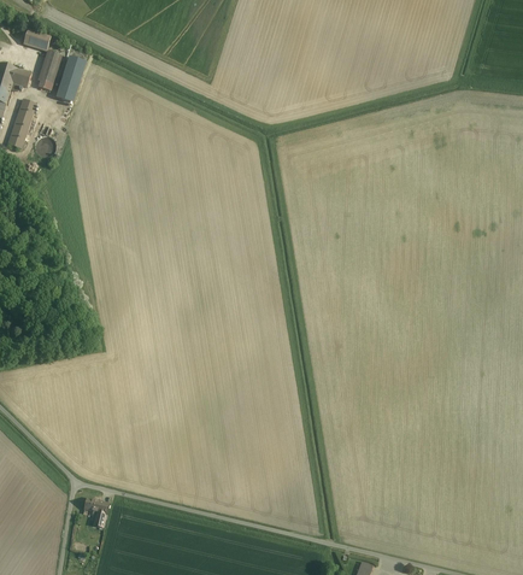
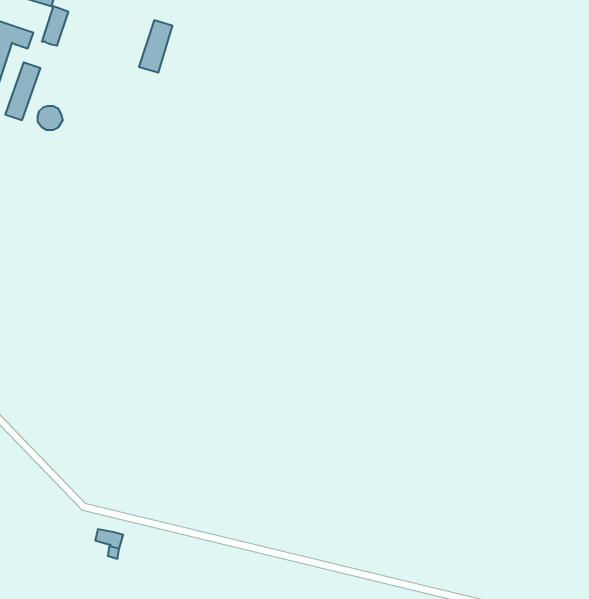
building: [57,58,86,102] -> [139,20,173,72]

